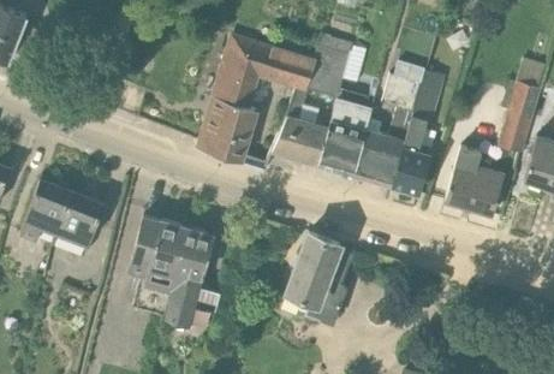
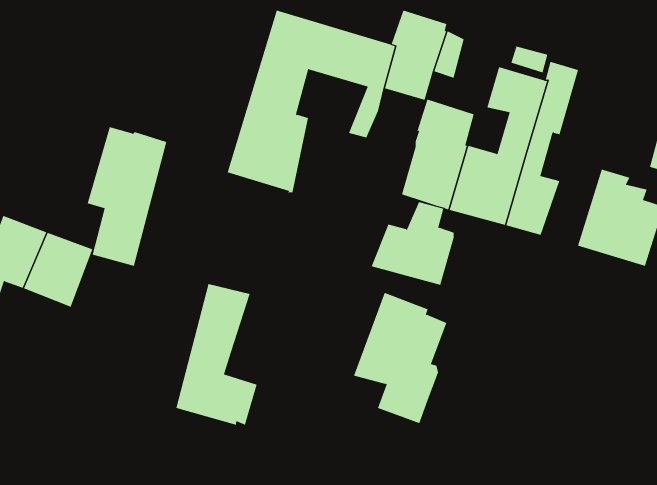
building: [270,106,329,165] -> [371,202,454,285]
building: [127,216,184,315] -> [87,126,167,267]

